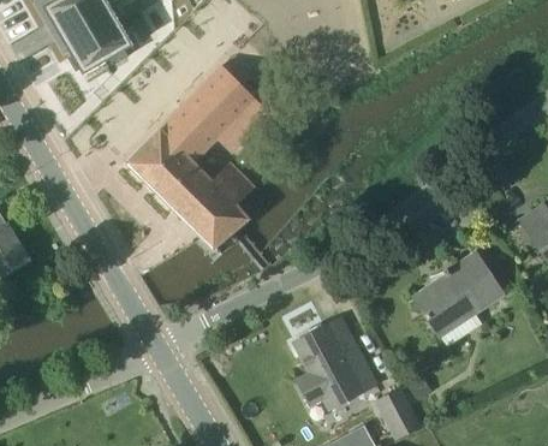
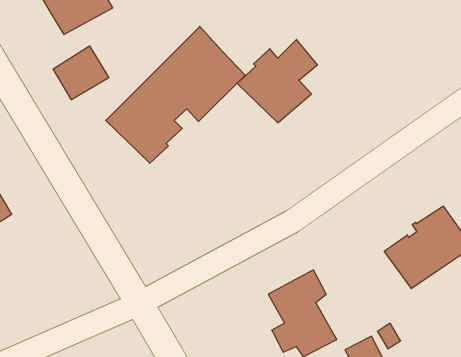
building: none -> [53,46,109,100]
building: [171,160,254,246] -> [237,39,317,123]

